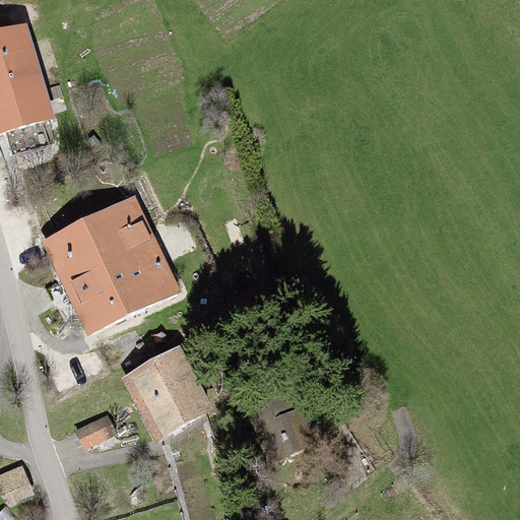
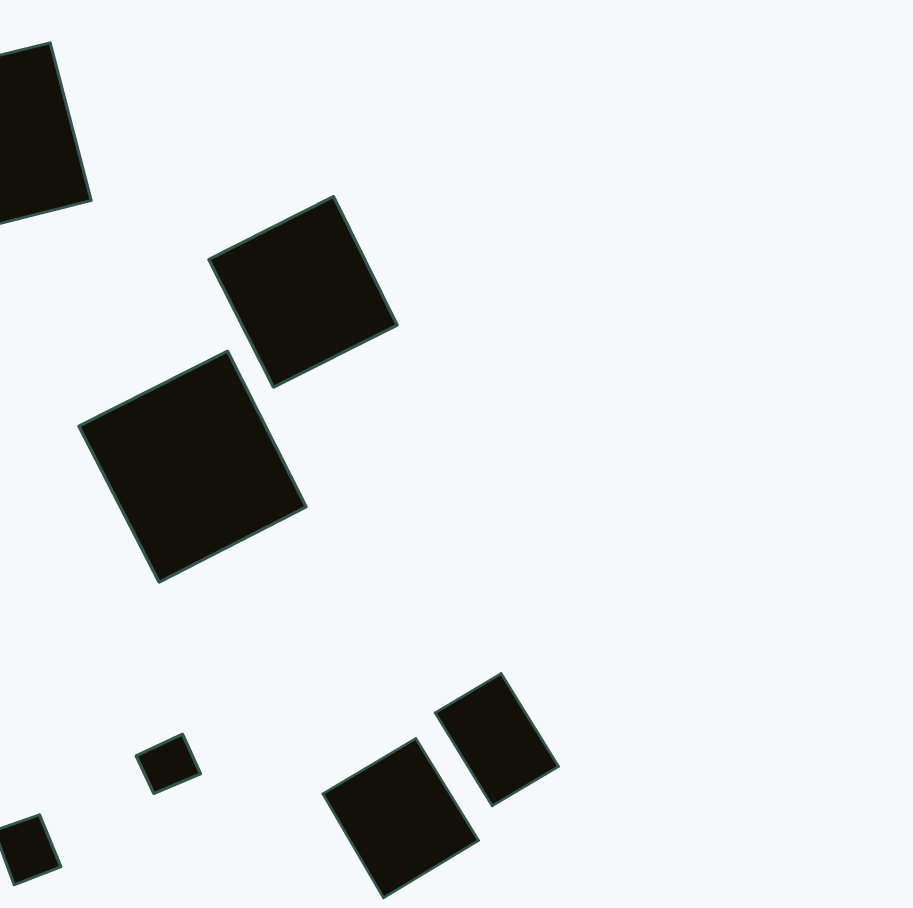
building: none -> [209,197,397,387]
building: [123,347,211,438] -> [323,738,478,898]

